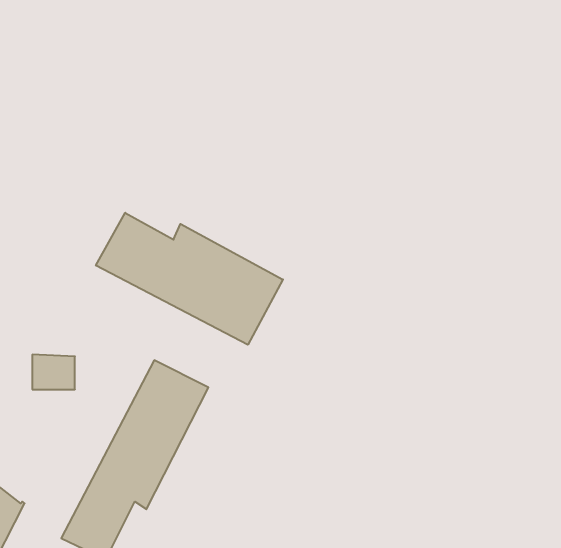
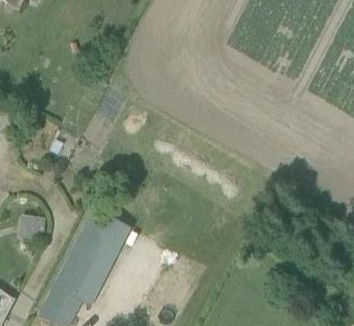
building: [96,213,283,345] -> none

